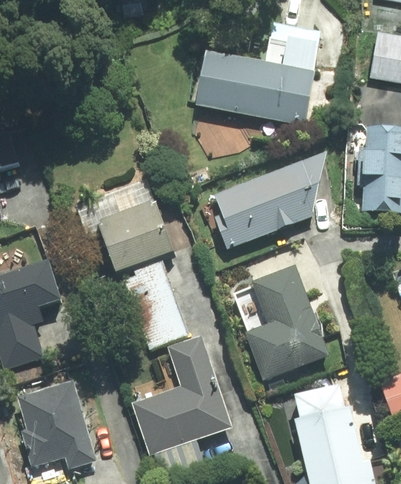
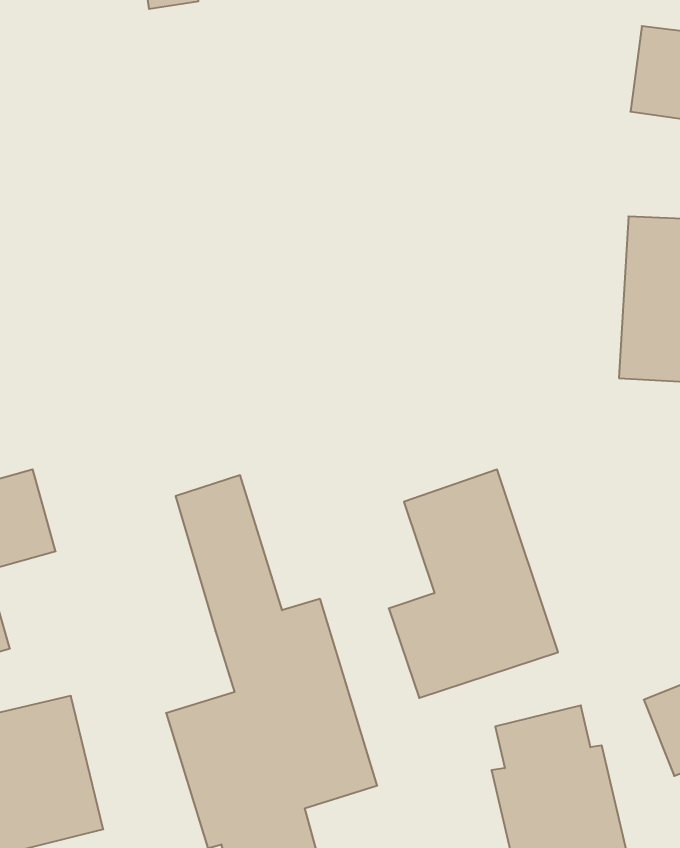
building: [196,38,322,126] -> none
building: [203,149,323,250] -> none
building: [100,200,175,269] -> none

